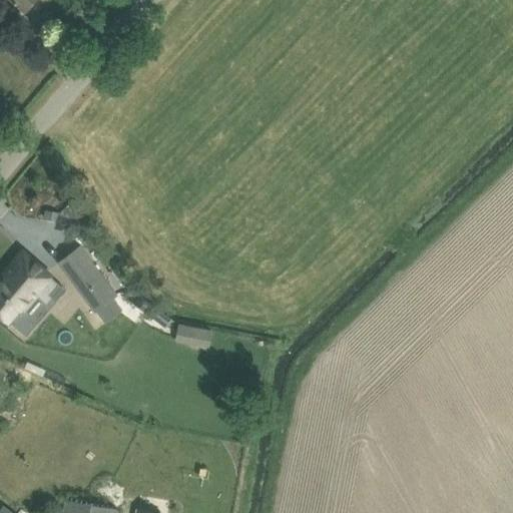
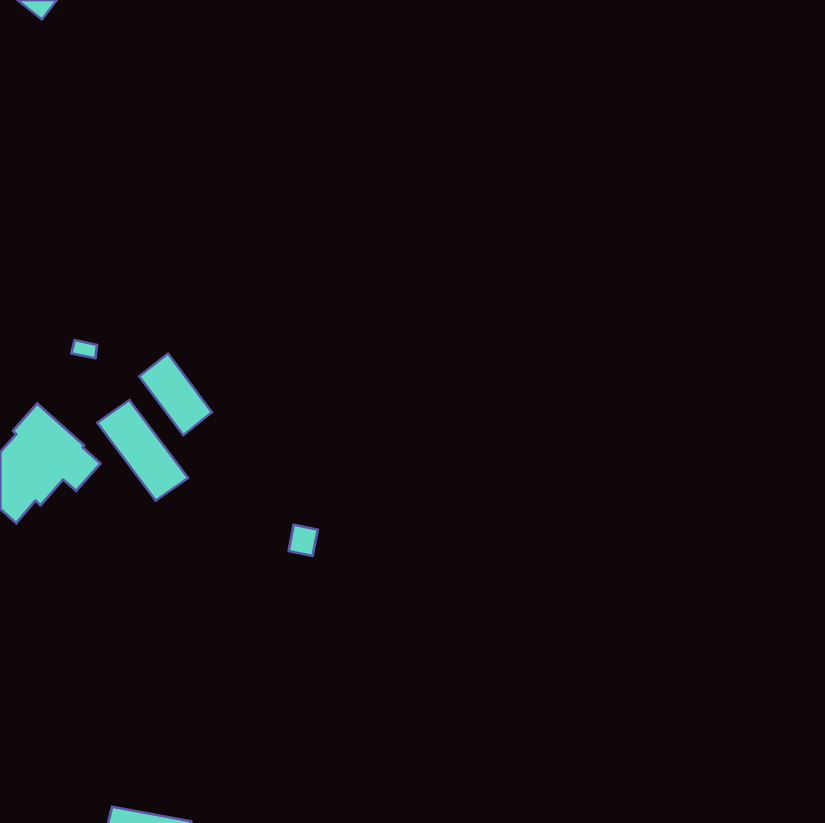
building: none -> [139,354,212,435]

